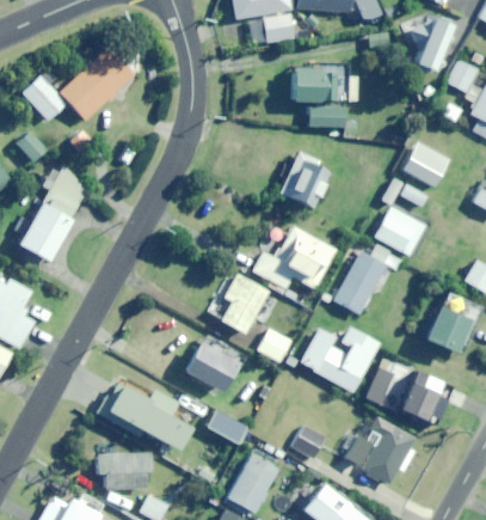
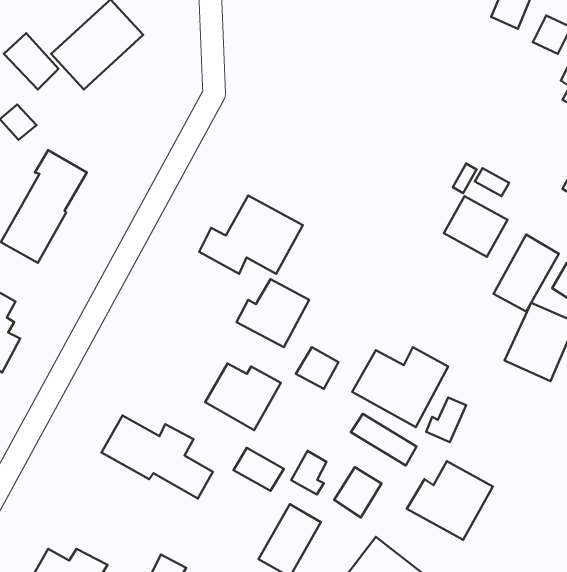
building: [293,62,359,128] -> none
building: [400,141,449,186] -> none
building: [277,153,330,209] -> none
building: [252,226,336,289] -> [199,195,303,274]
building: [333,252,386,314] -> [494,235,559,312]
building: [400,375,451,416] -> none
building: none -> [351,414,417,466]
building: none -> [291,451,327,495]
building: [98,452,152,490] -> none

